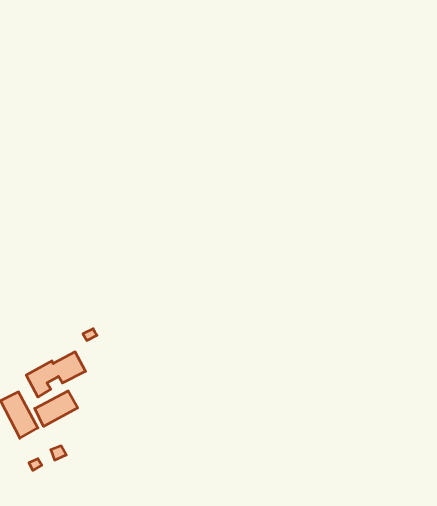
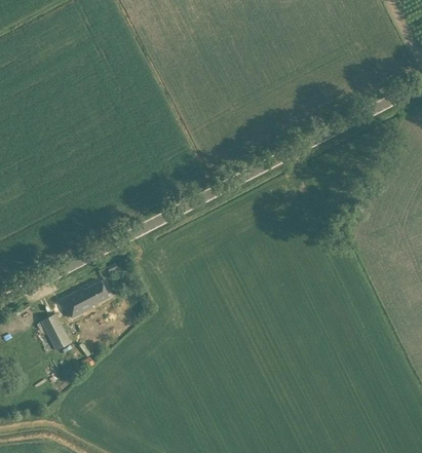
building: [35,391,78,426] -> none

